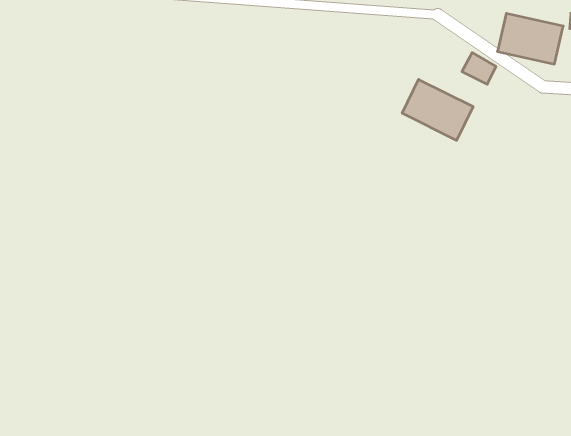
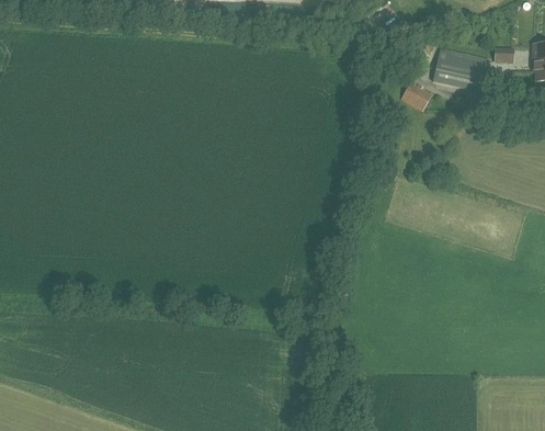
building: [402,79,473,140] -> none

